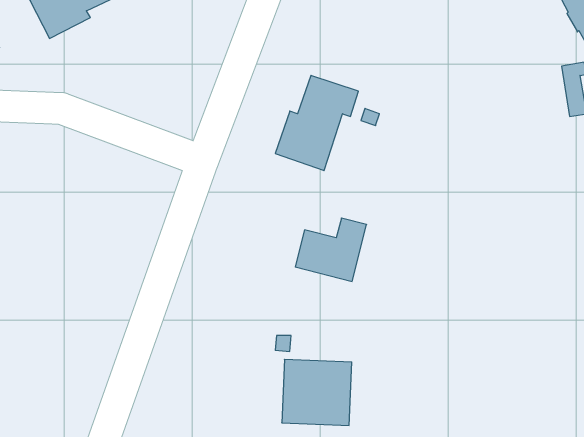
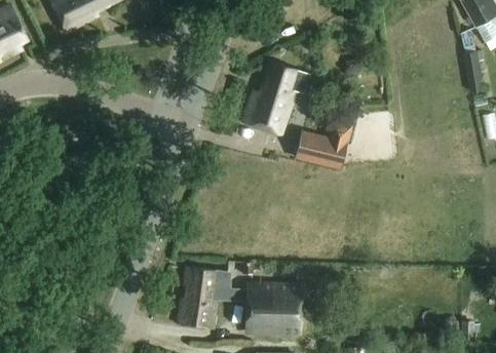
building: [295,218,367,281] -> [296,121,351,170]
building: none -> [176,265,227,327]

